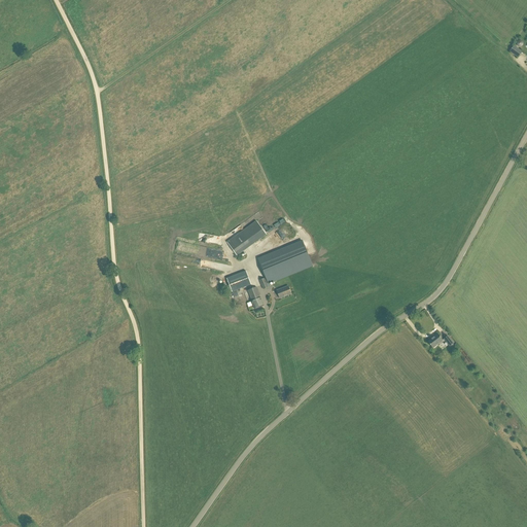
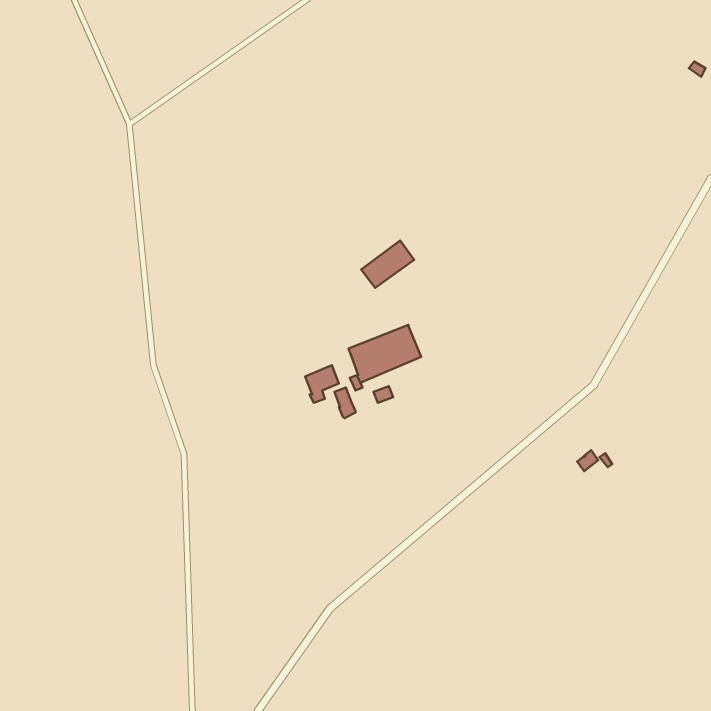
building: [226,220,266,255] -> [361,240,414,288]

